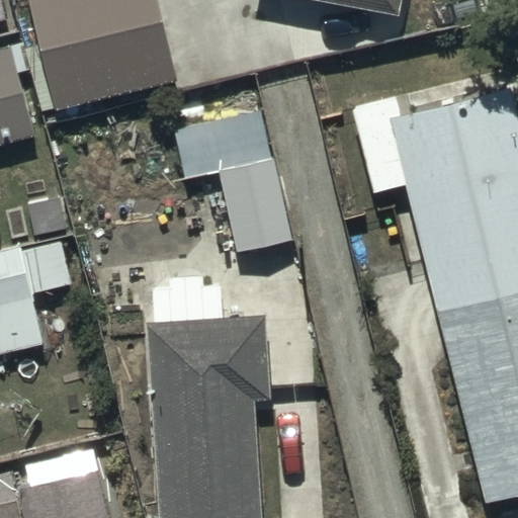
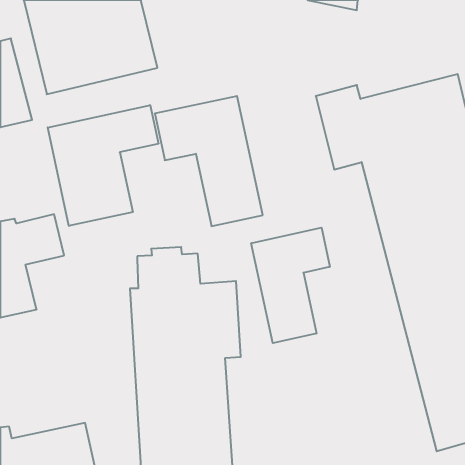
building: none -> [48,105,158,226]
building: none -> [251,228,330,343]

